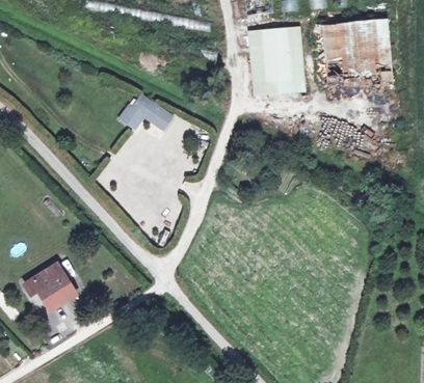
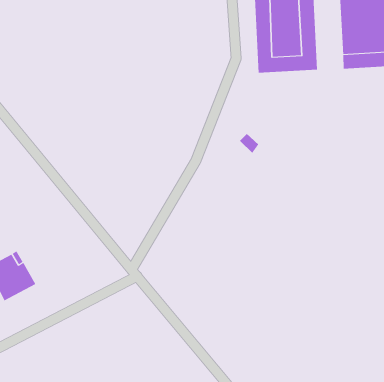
building: [114,89,170,130] -> none

